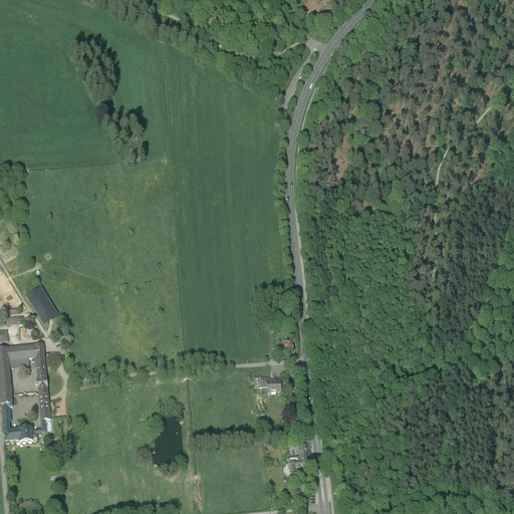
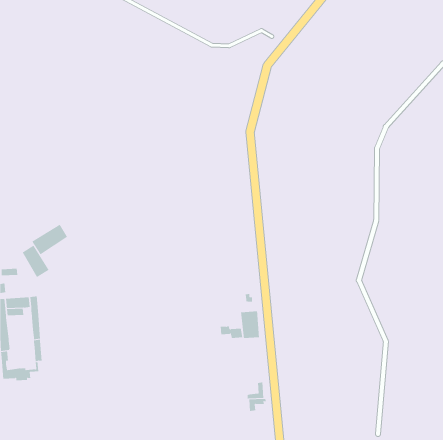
building: none -> [32,224,68,255]
building: none -> [241,310,259,339]

